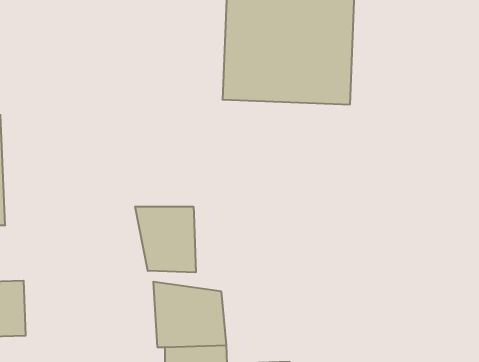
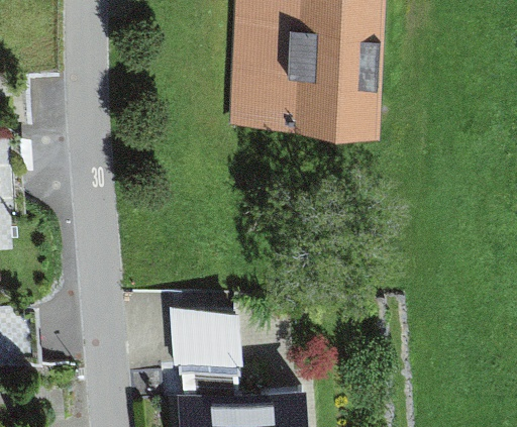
building: [135,207,196,272] -> none

